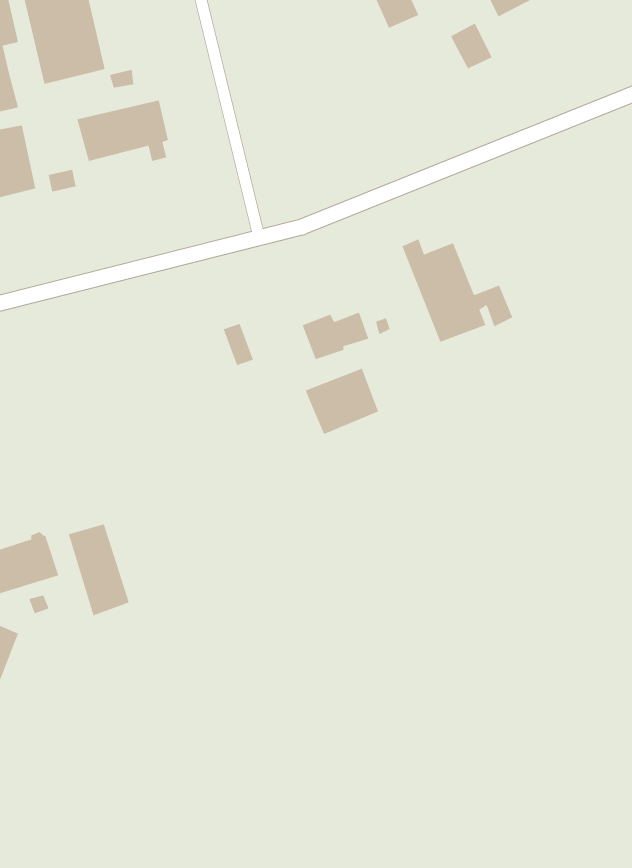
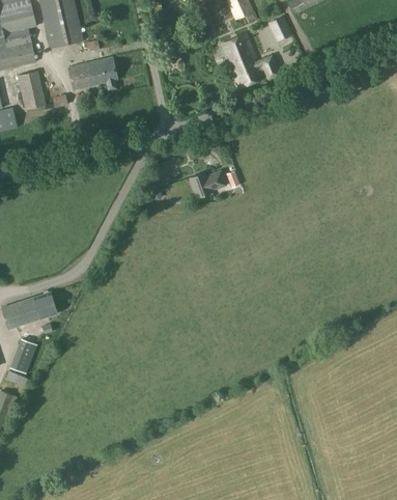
building: [401,239,513,343] -> [218,31,278,87]
building: [305,368,379,435] -> none
building: [68,524,130,616] -> none

